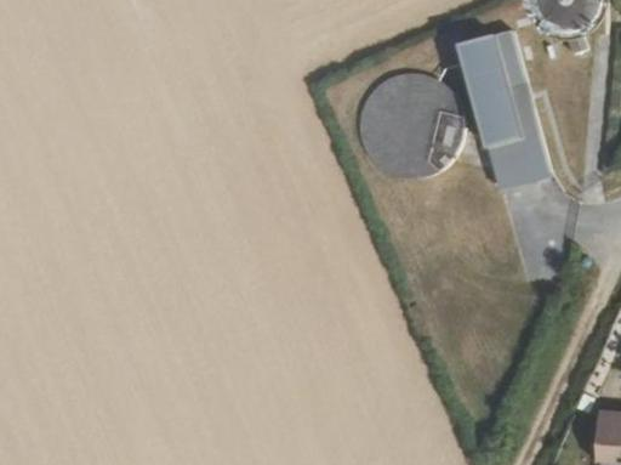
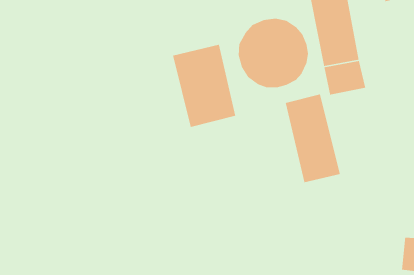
building: none -> [172,44,236,128]
building: none -> [285,93,341,183]

